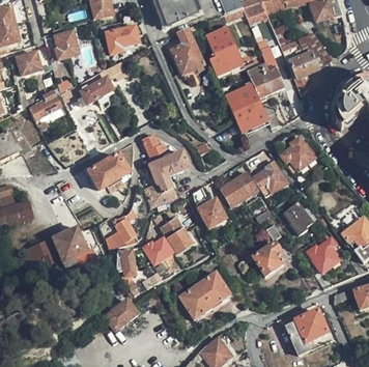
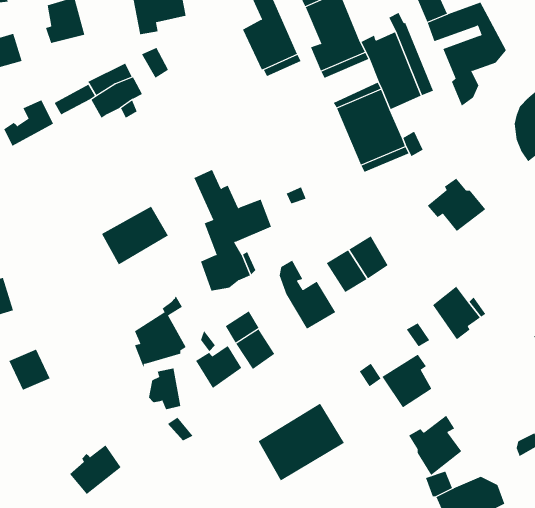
building: [252,162,287,197] -> none
building: [52,226,86,260] -> none
building: [308,236,340,273] -> [408,415,462,476]
building: [105,299,136,329] -> [69,444,121,495]

